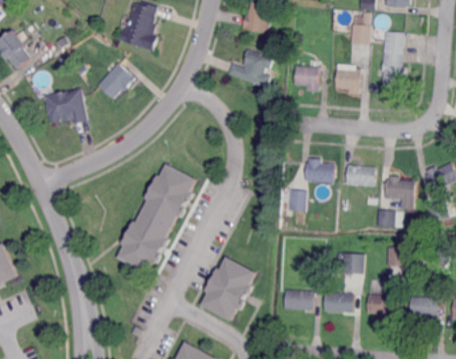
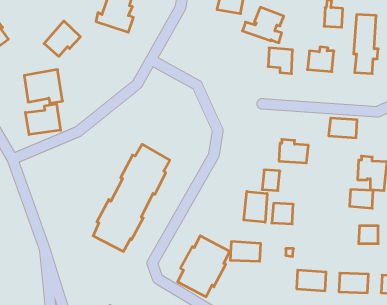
building: [230,49,272,85] -> [242,7,284,43]
building: [96,64,133,100] -> [44,21,80,56]
building: none -> [25,104,61,135]
building: [346,166,375,186] -> [329,118,357,138]
building: none -> [244,191,267,222]
building: [341,252,363,273] -> [272,203,293,224]
building: [283,290,314,310] -> [230,242,261,261]

